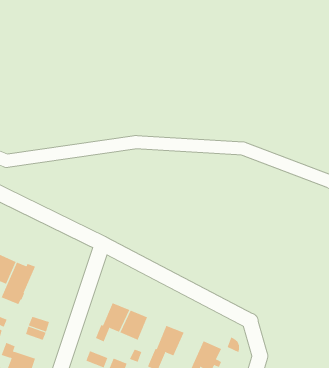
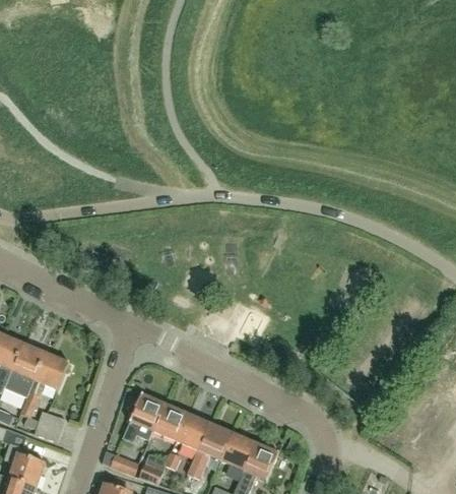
building: none -> [19,350,69,419]
building: none -> [175,413,209,452]
building: none -> [219,432,256,472]

